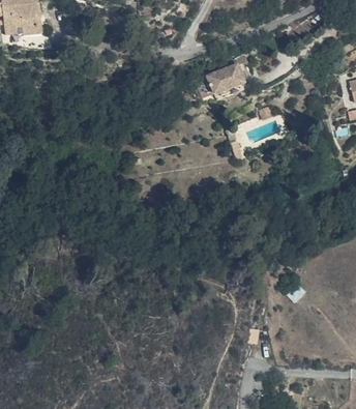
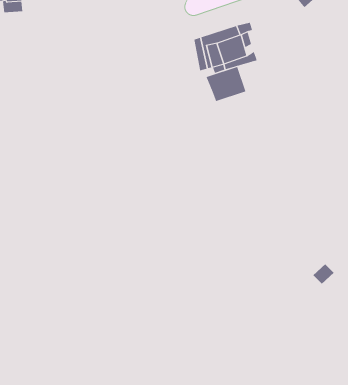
building: none -> [206,66,246,102]

